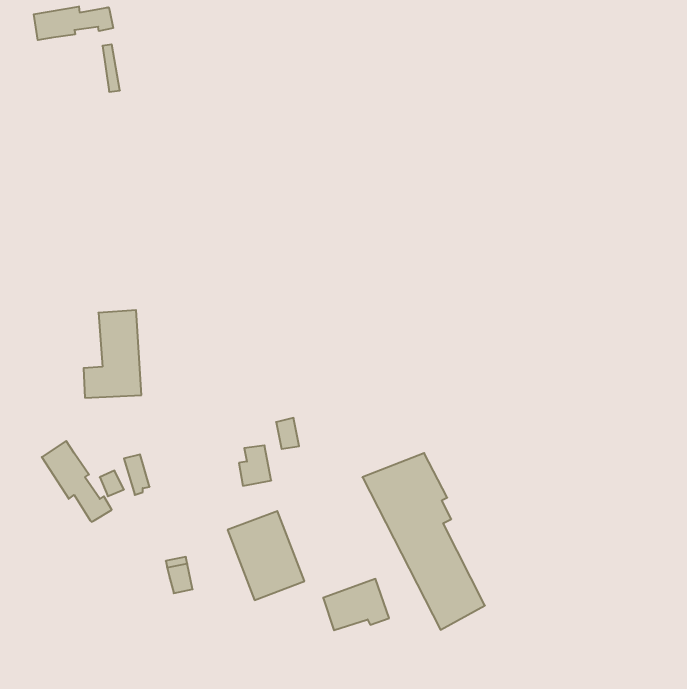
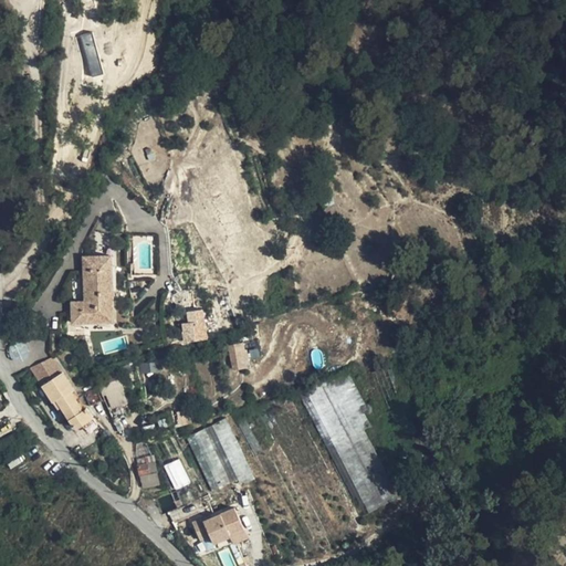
building: [34,6,113,40] -> none
building: [239,445,271,486] -> [180,310,207,343]
building: none -> [163,458,189,490]
building: [323,579,389,630] -> [192,507,247,549]

